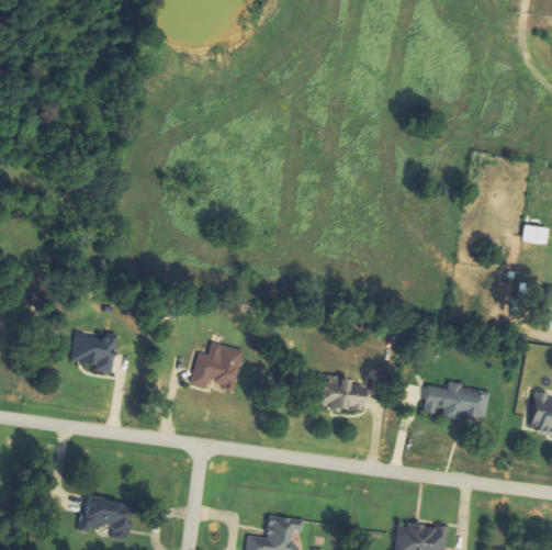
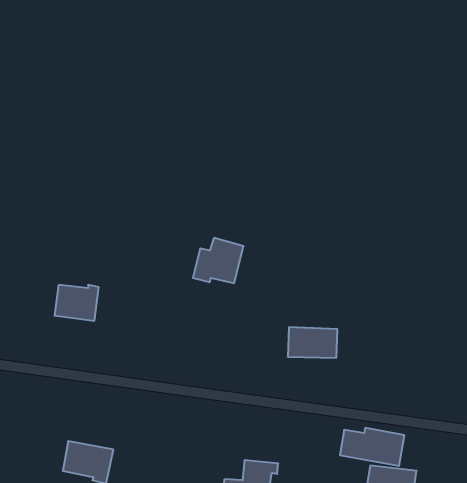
building: [191,341,244,389] -> [193,238,244,283]
building: [424,383,491,423] -> [340,428,404,466]

